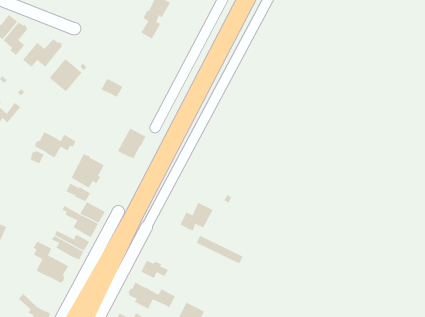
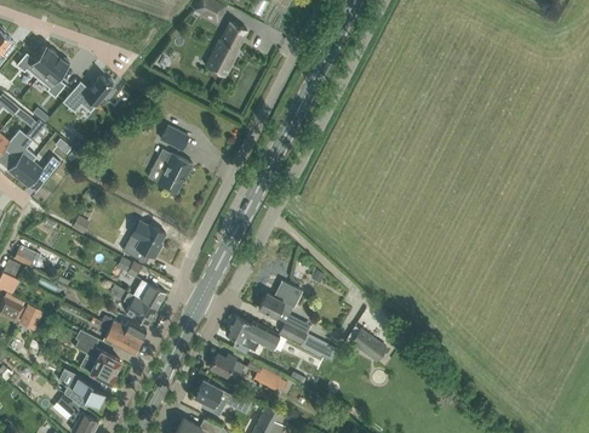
building: [49,58,82,92] -> none
building: [117,128,146,159] -> [156,154,193,193]
building: [35,132,76,158] -> none
building: none -> [225,317,280,352]
building: none -> [350,329,387,363]
building: none -> [246,360,286,393]
building: none -> [59,370,104,410]

